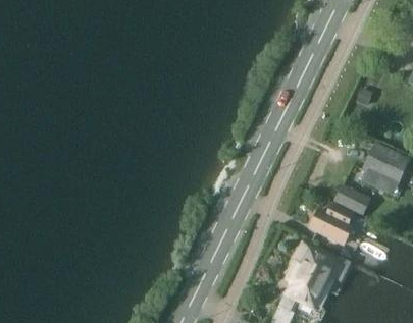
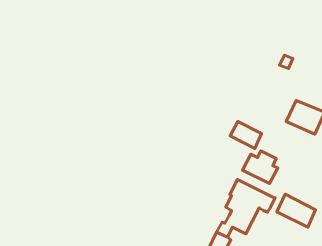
building: [333,184,371,217] -> [230,122,261,148]
building: none -> [277,194,315,227]

